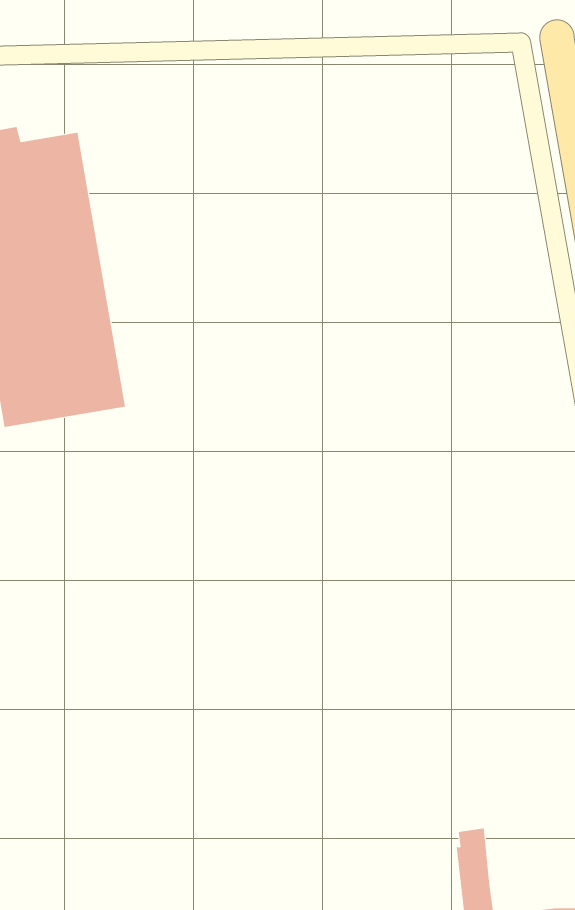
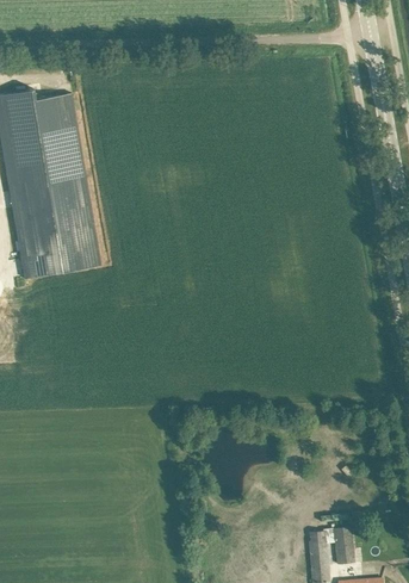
building: none -> [333,526,355,563]

